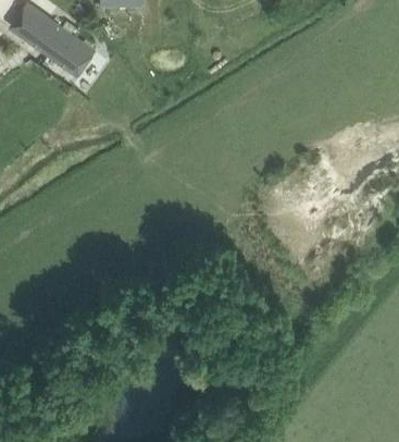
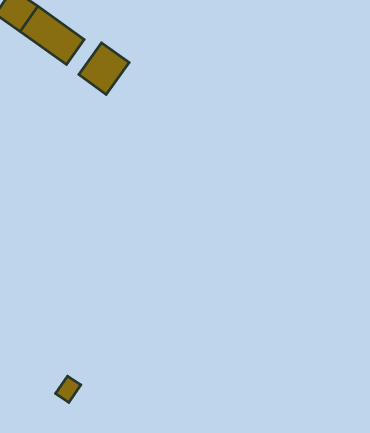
building: none -> [79,43,129,94]

